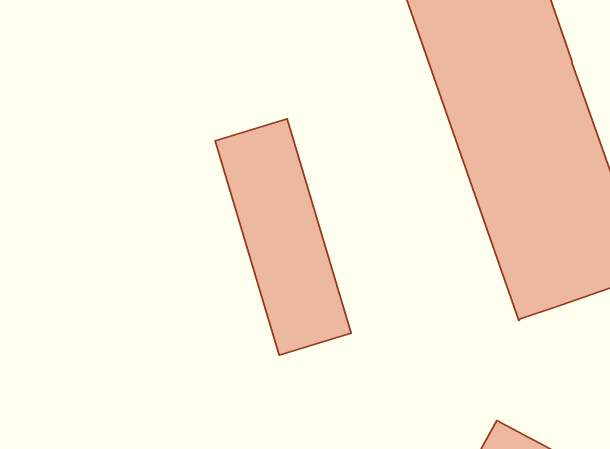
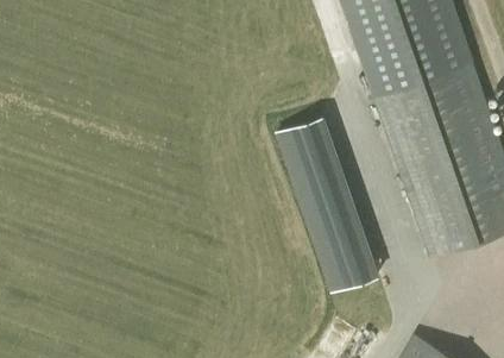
building: [215,119,351,355] -> [279,113,383,293]

